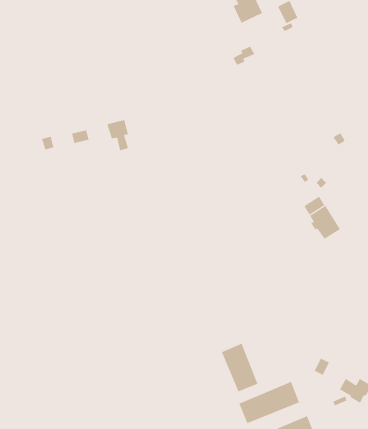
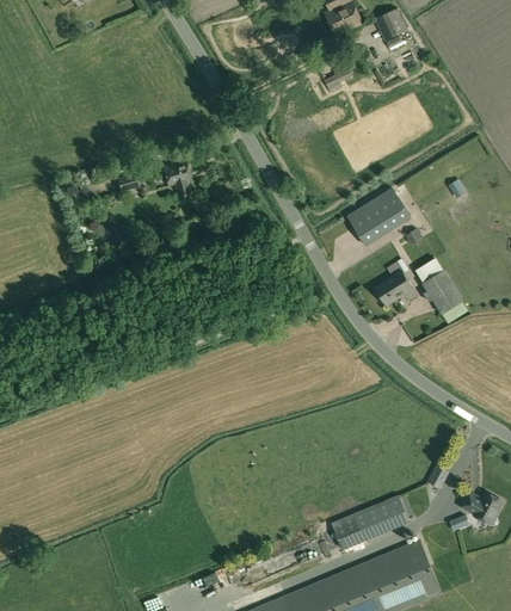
building: none -> [346,187,411,245]
building: none -> [373,261,417,307]
building: [221,343,258,392] -> none

